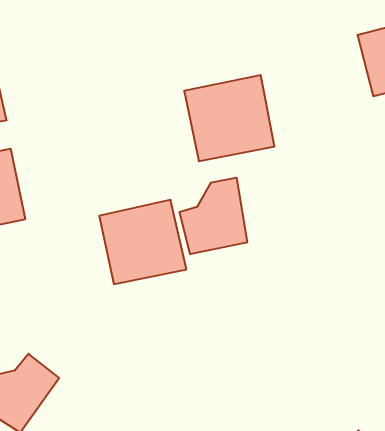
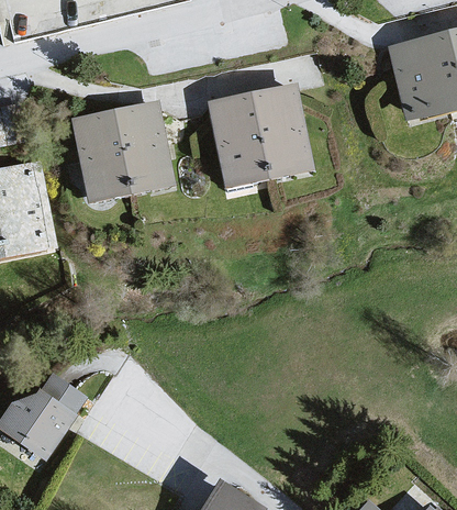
building: [180,178,247,254] -> none
building: [99,200,186,284] -> [78,106,169,193]

